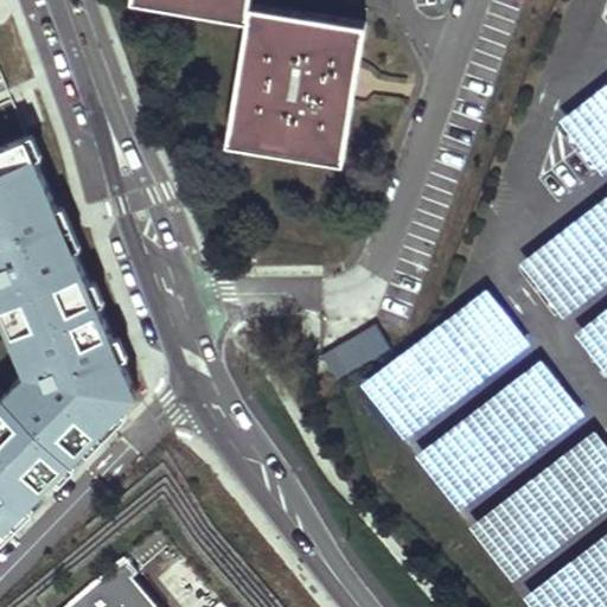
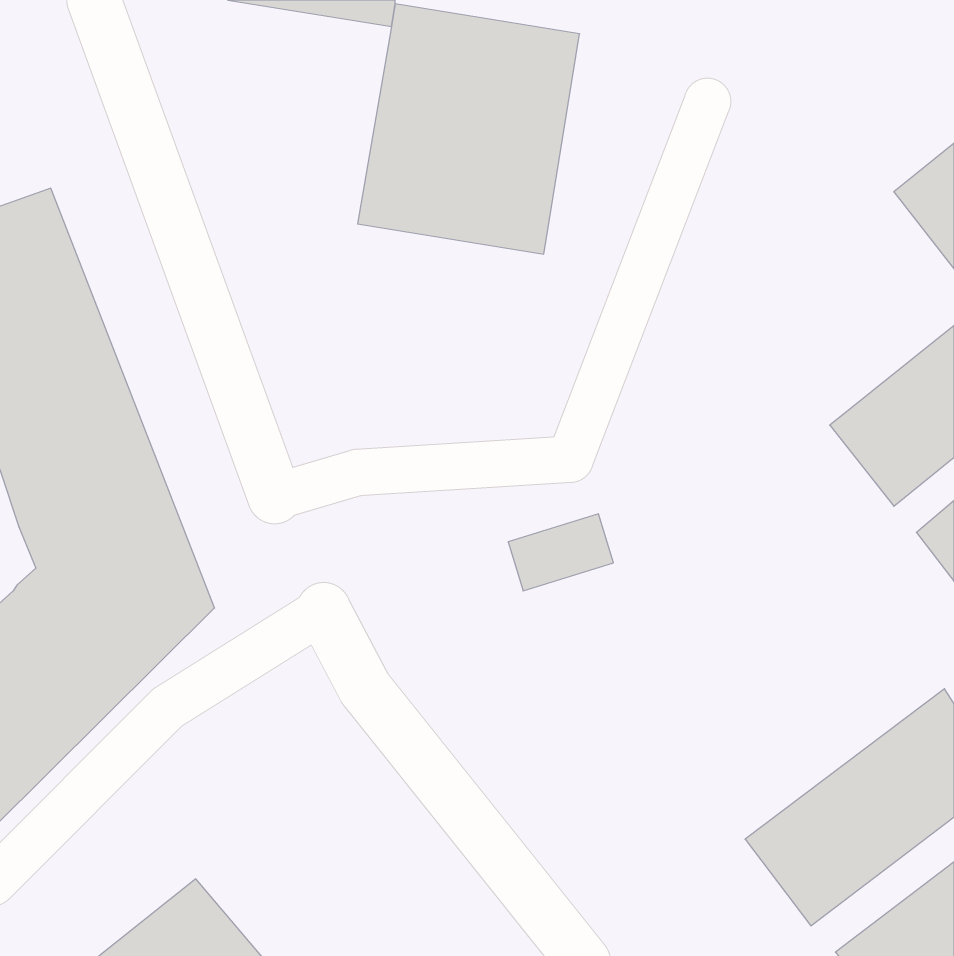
building: [362,293,529,442] -> none
building: [417,369,584,518] -> none

